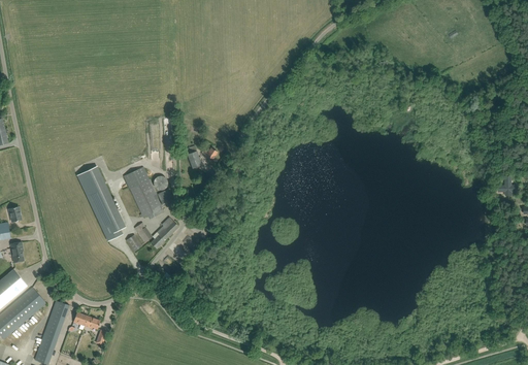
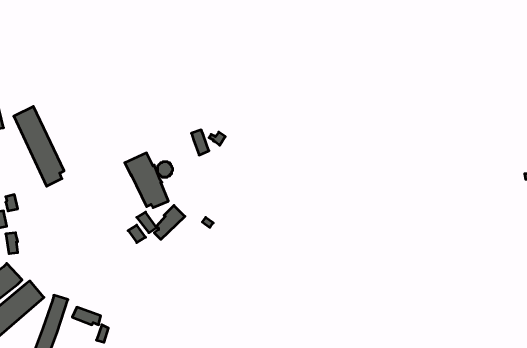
building: [77,166,125,241] -> [14,106,64,186]

